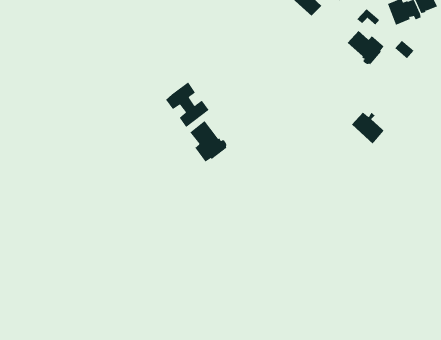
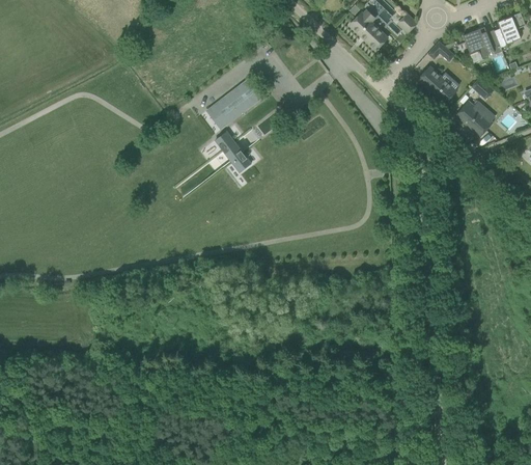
building: none -> [213,78,263,125]
building: [351,112,385,144] -> [454,101,493,138]
building: [190,120,228,162] -> none

